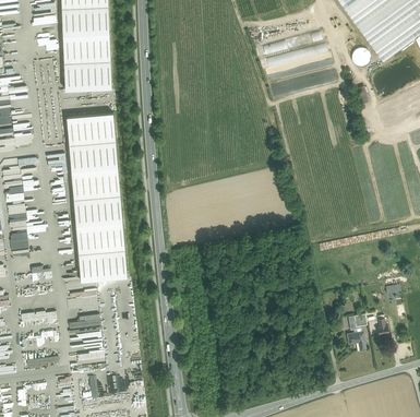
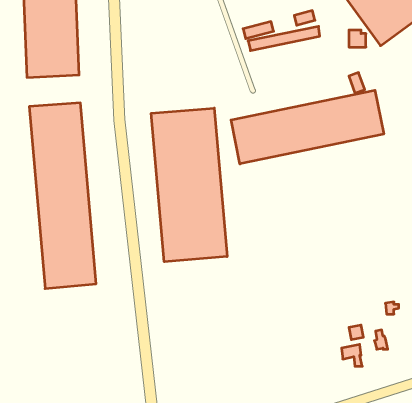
building: none -> [231,90,384,164]
building: none -> [151,108,227,262]

